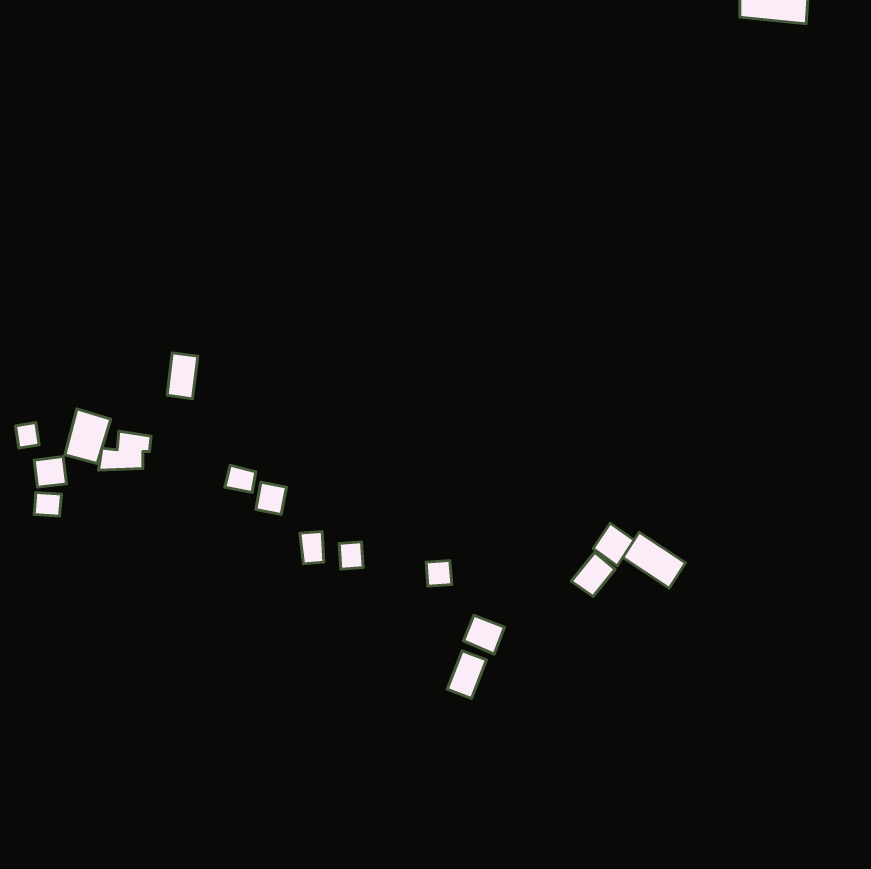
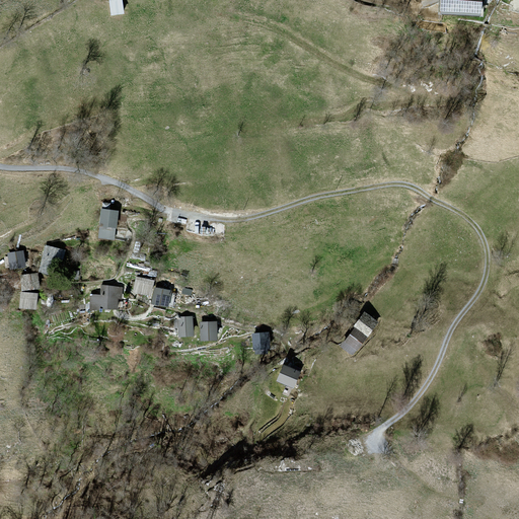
building: [98,431,151,470] -> [90,285,122,308]
building: [623,532,686,588] -> none
building: [447,651,487,698] -> none

